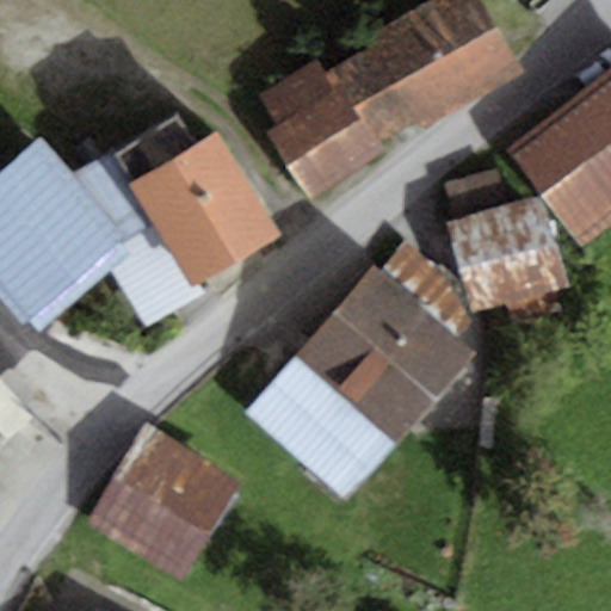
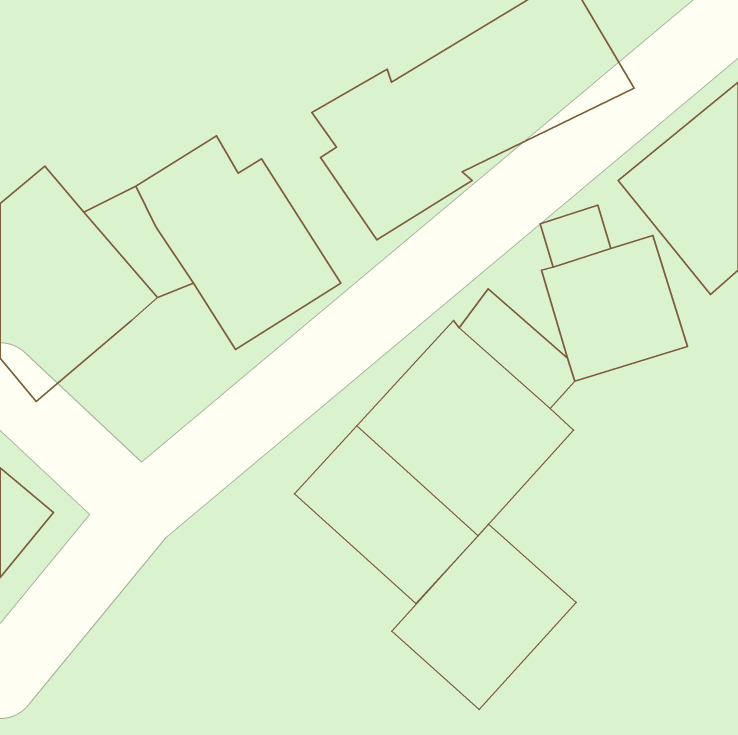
building: [109,234,202,325] -> none
building: [86,427,239,580] -> none
building: none -> [392,524,576,710]

